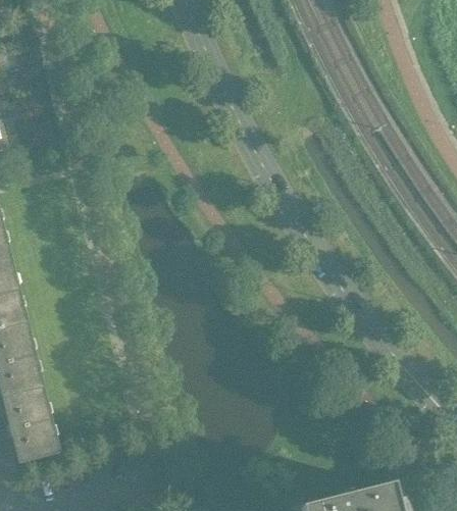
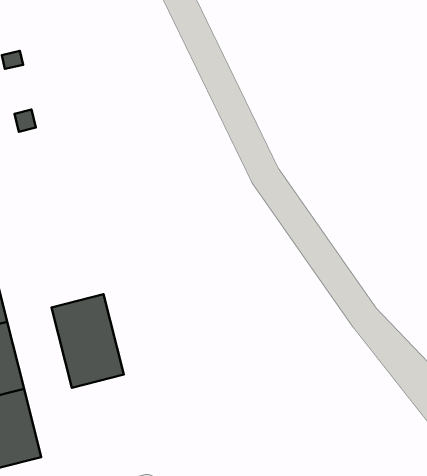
building: none -> [52,294,124,388]

